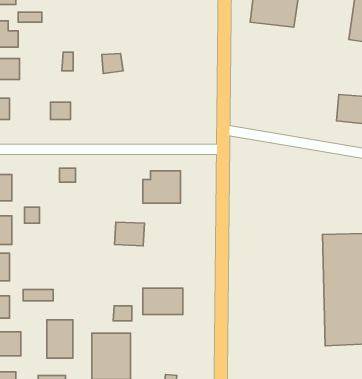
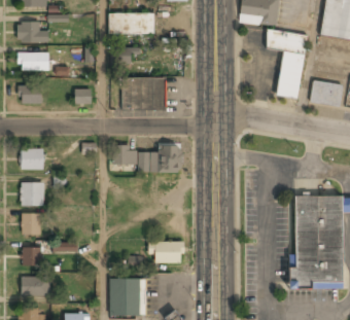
building: none -> [108,12,153,33]
building: none -> [265,29,307,99]
building: none -> [120,76,166,109]
building: [114,222,144,246] -> [111,145,136,165]
building: [47,320,73,358] -> none

